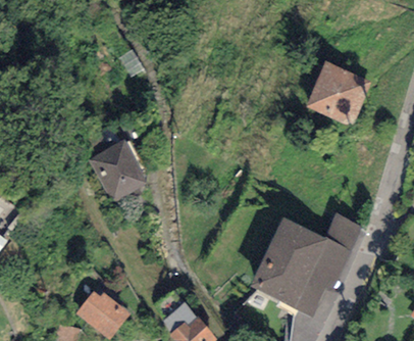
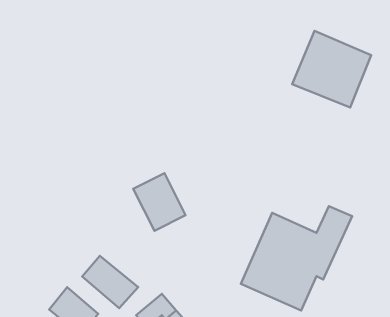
building: [94,147,142,200] -> [133,173,186,231]
building: none -> [82,256,138,308]

